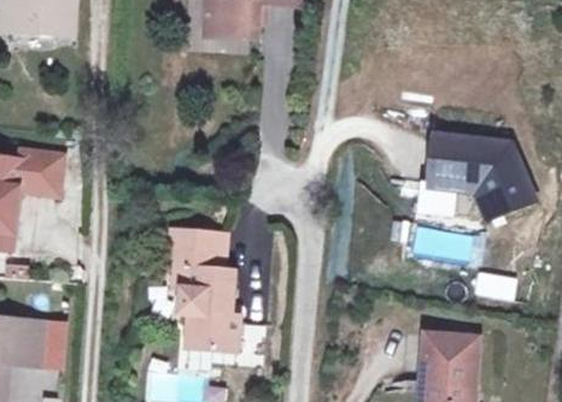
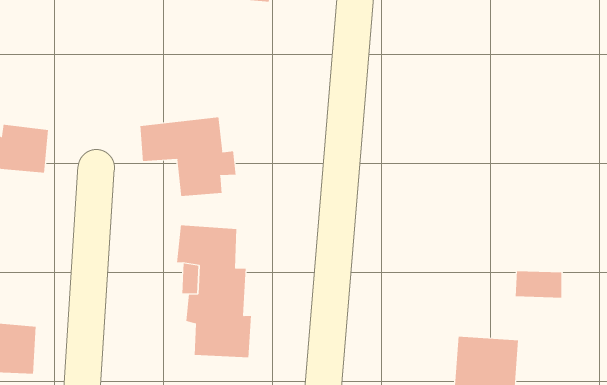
building: [433,136,539,220] -> none
building: none -> [140,117,236,197]

